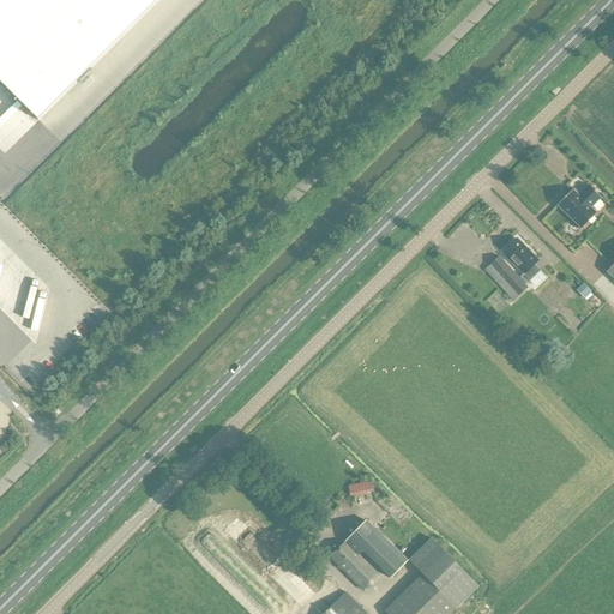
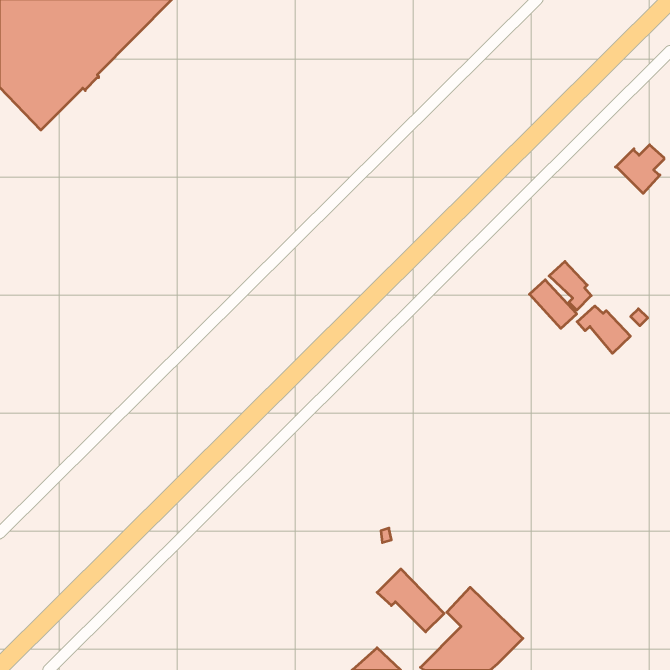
building: [555,185,600,229] -> [615,145,664,193]
building: none -> [577,306,630,353]
building: [330,541,378,588] -> none

